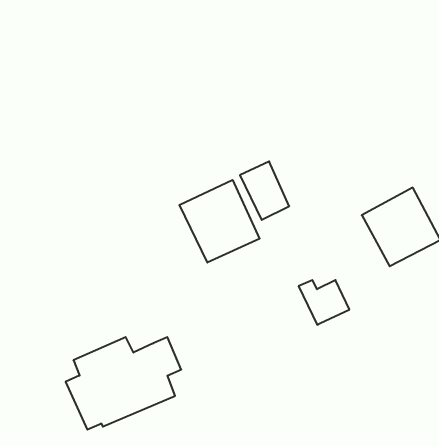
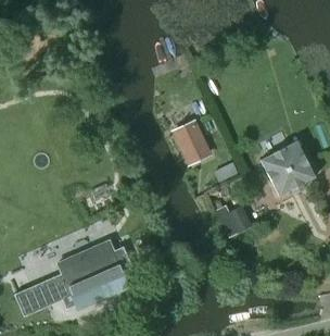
building: [179,180,260,263] -> none
building: none -> [14,284,48,316]

